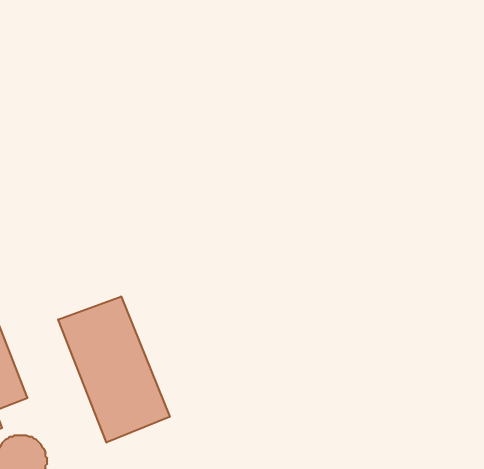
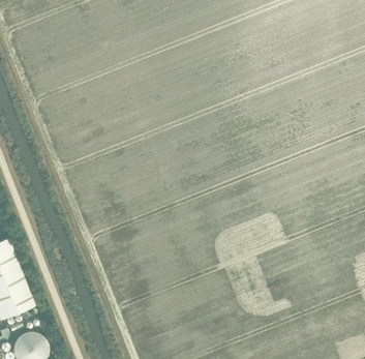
building: [58,296,170,443] -> none

